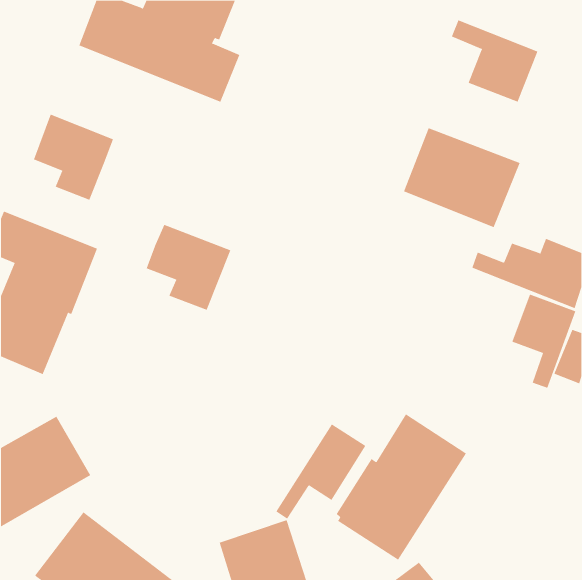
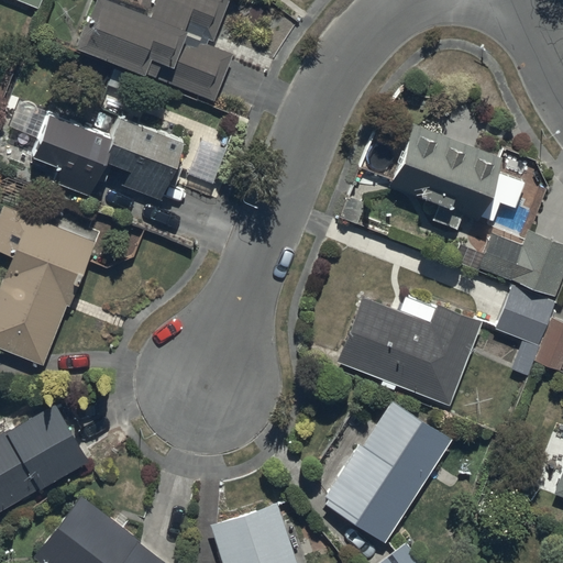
building: [451,19,538,102] -> none
building: [146,224,231,311] -> [101,117,184,200]
building: none -> [338,298,483,408]
building: [275,424,366,520] -> none

